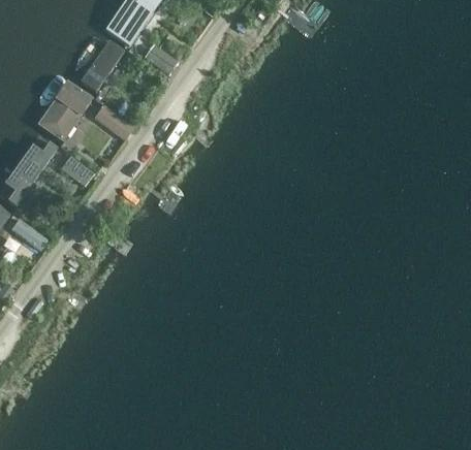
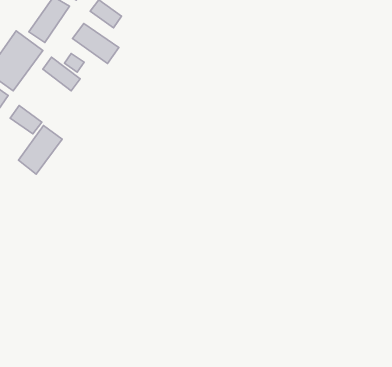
building: none -> [72,24,119,64]
building: none -> [18,125,62,174]

